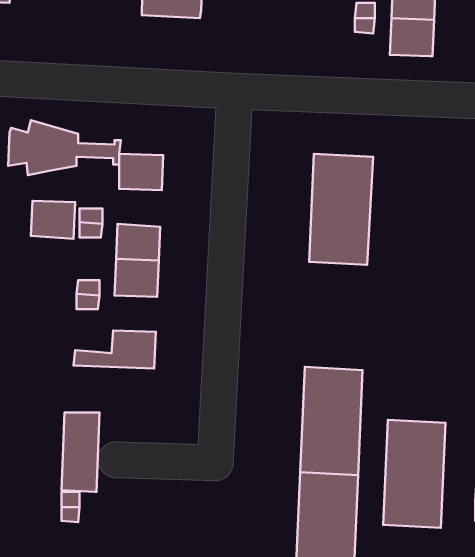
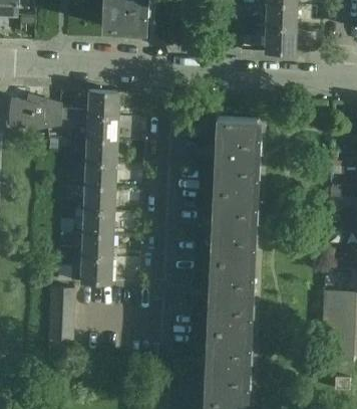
building: none -> [88,93,118,120]
building: [31,201,75,239] -> [87,142,116,167]
building: none -> [84,212,113,236]
building: none -> [58,258,111,283]
building: [383,420,445,528] -> [211,190,252,261]

